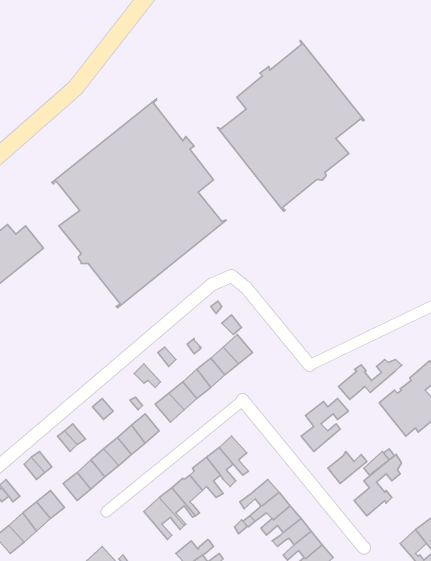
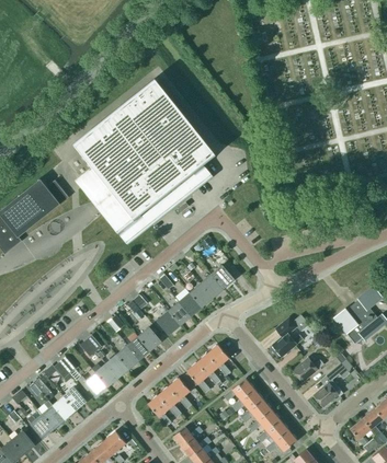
building: [218,40,364,211] -> none
building: [338,359,402,400] -> none

